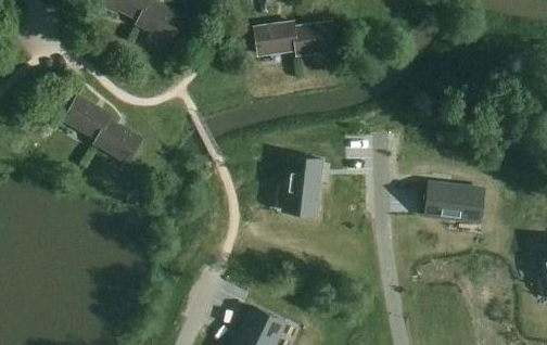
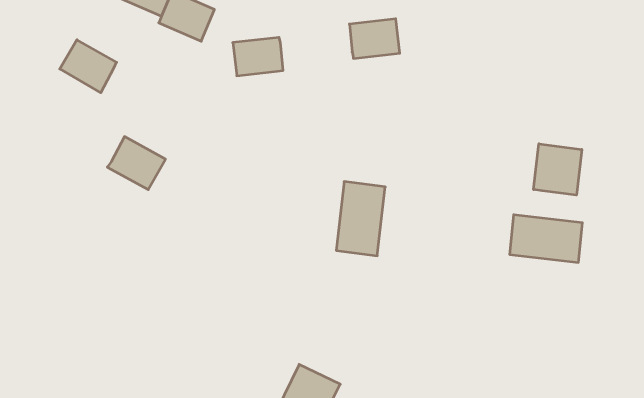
building: [254,23,295,54] -> [233,37,283,76]
building: [64,97,111,140] -> [60,40,117,93]
building: none -> [534,144,582,195]

